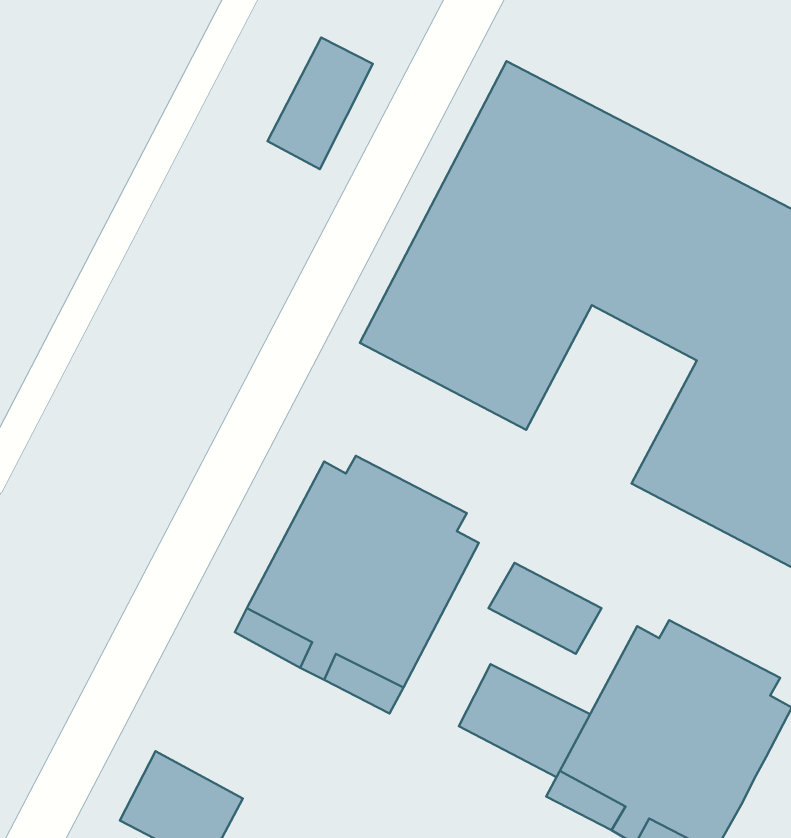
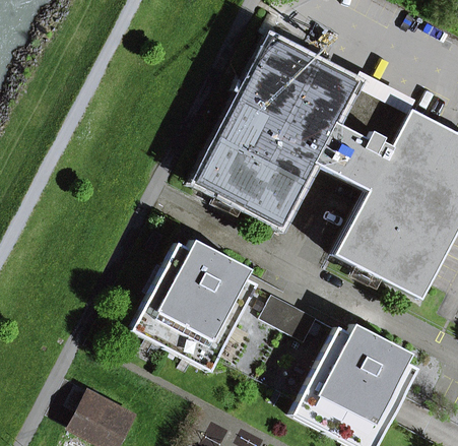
building: [267,37,373,169] -> none
building: [459,664,590,777] -> none

